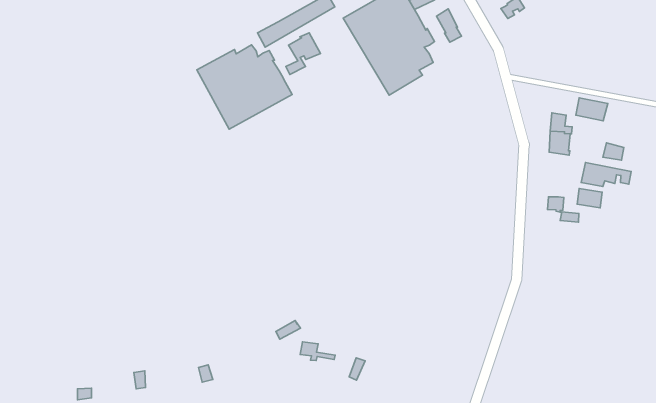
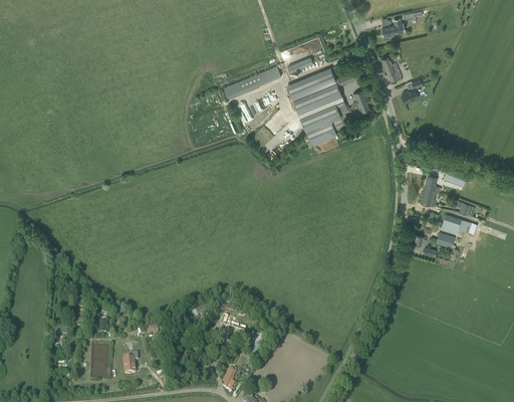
building: [197,45,292,129] -> none

